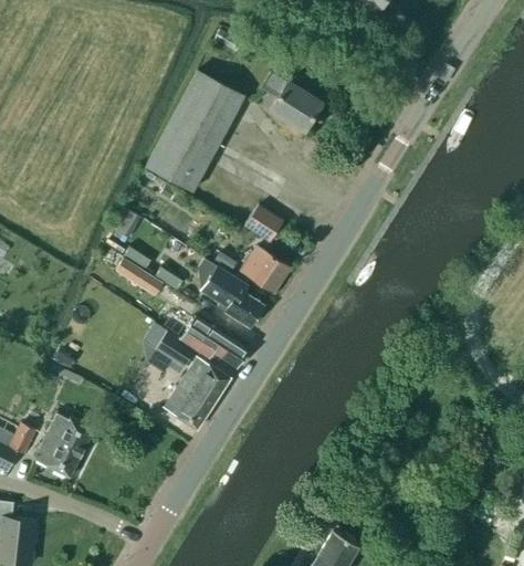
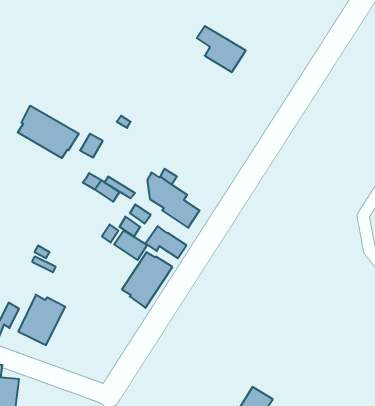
building: [146,72,243,191] -> none
building: none -> [18,106,79,158]
building: [243,205,282,243] -> none
building: [240,247,289,292] -> none

